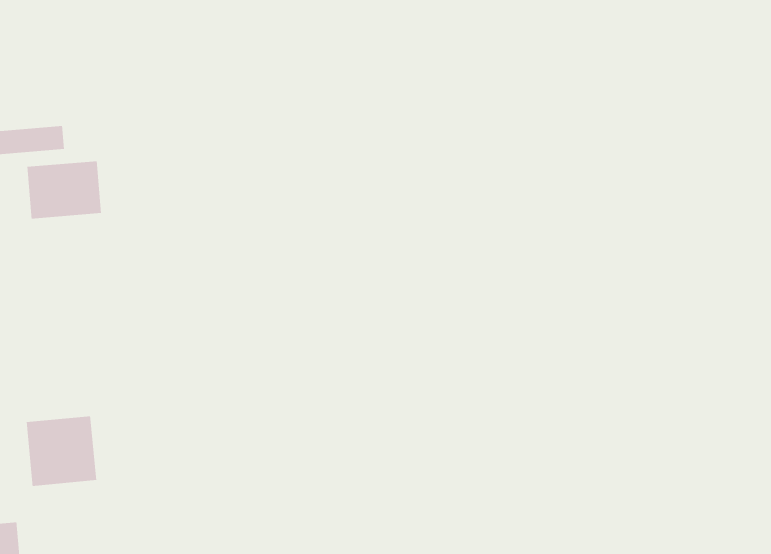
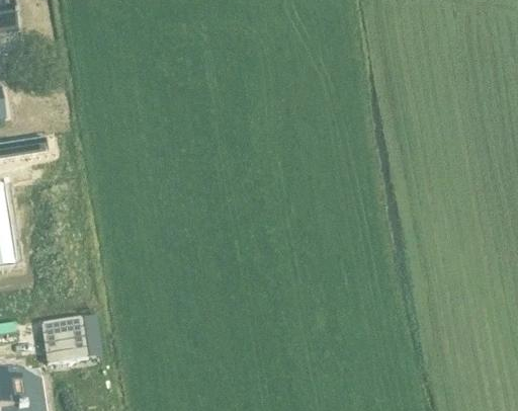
building: [27,160,102,219] -> none

